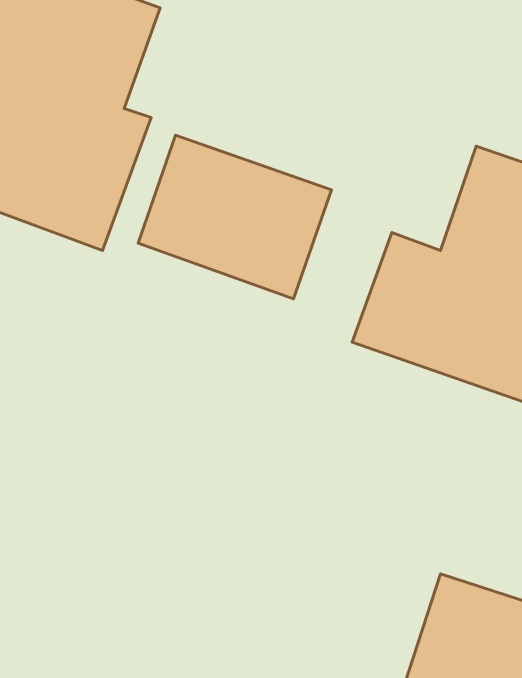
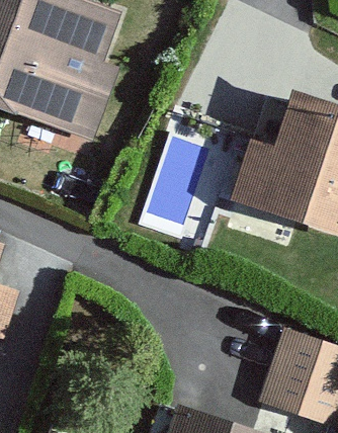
building: [138,135,332,299] -> none

